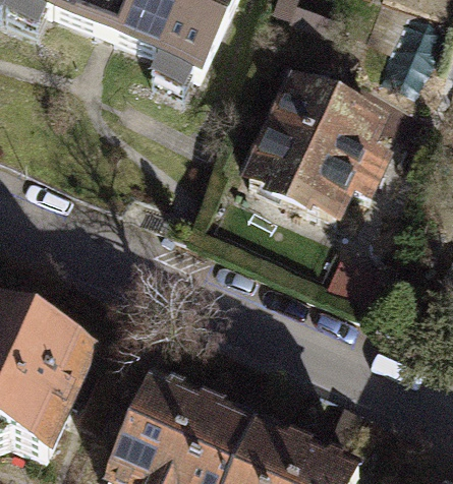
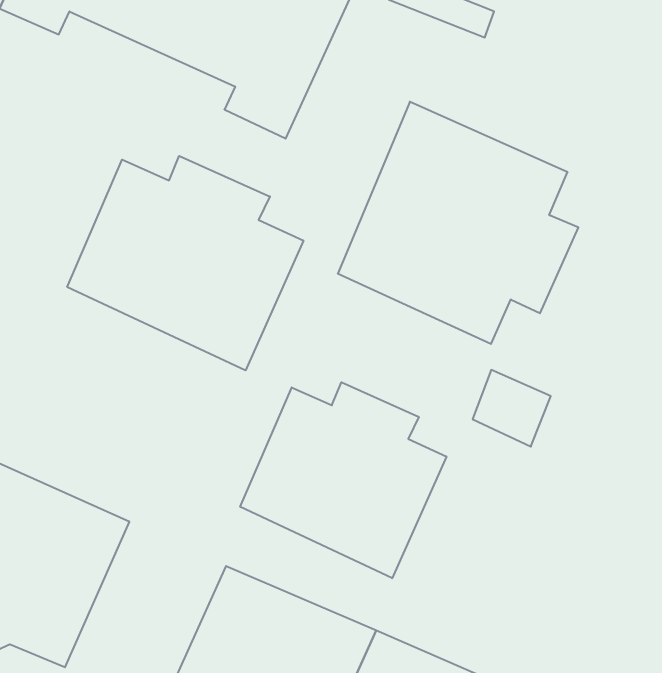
building: none -> [67,156,303,370]
building: none -> [240,382,446,578]

